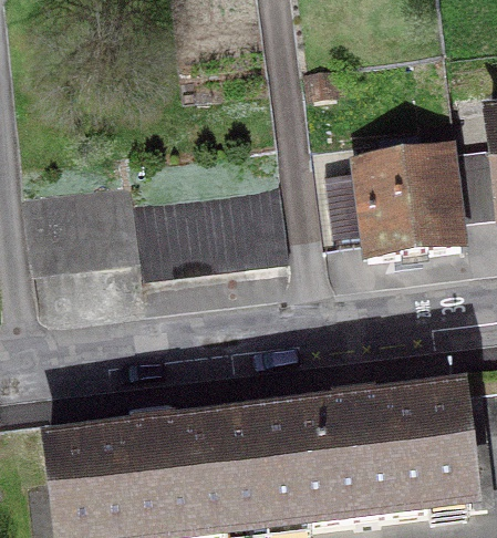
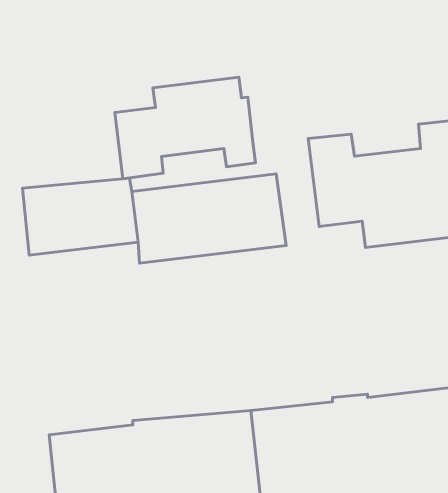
building: none -> [115,77,256,179]

